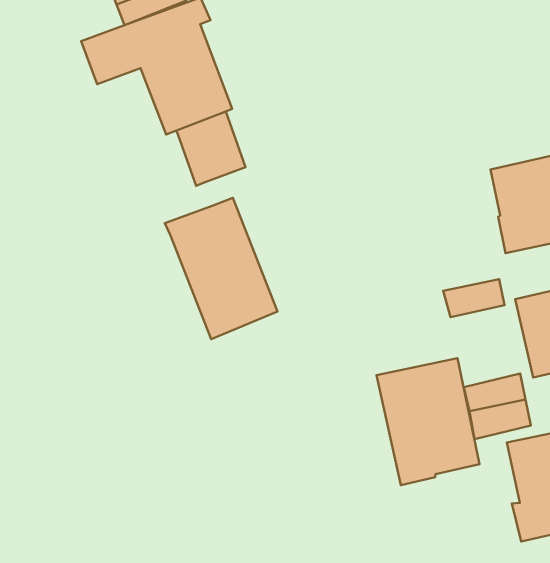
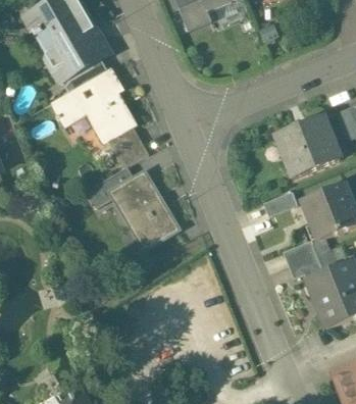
building: none -> [88,166,134,207]
building: [377,358,480,485] -> none

